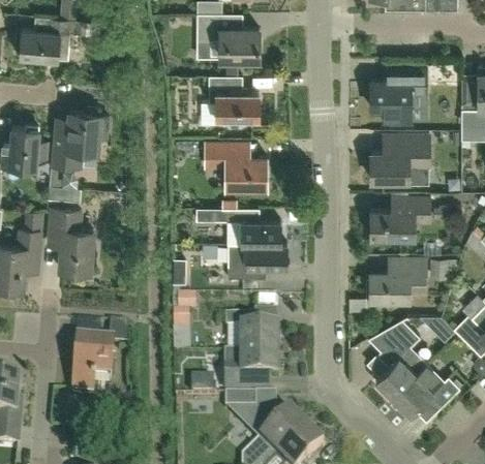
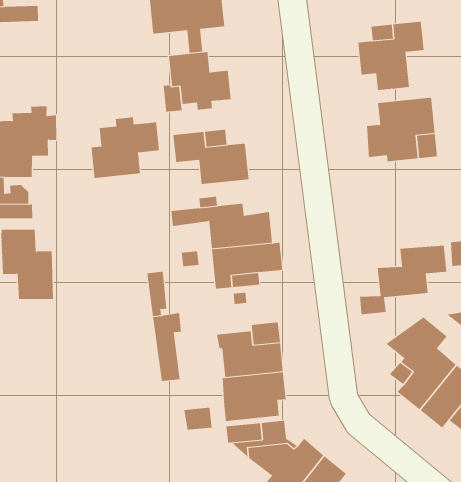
building: none -> [91,117,159,179]
building: [369,196,429,238] -> none
building: [73,322,128,394] -> none

